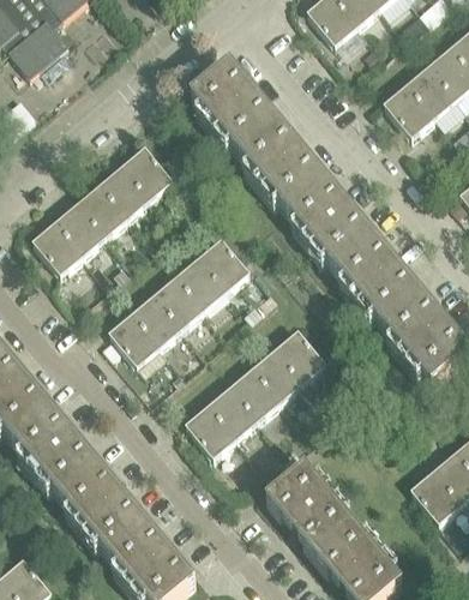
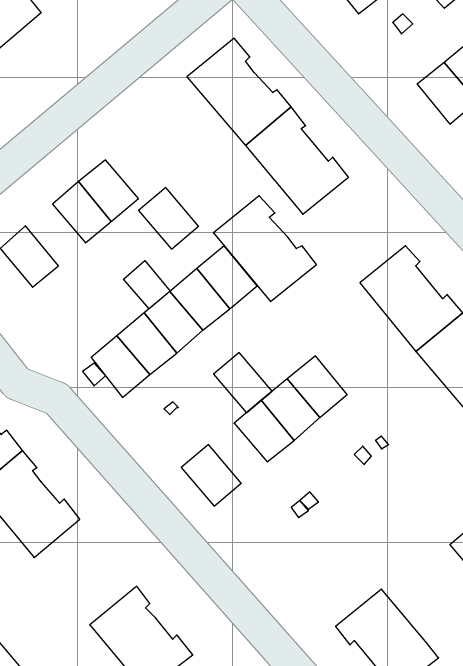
building: [125,145,175,197] -> [139,188,199,249]
building: [290,179,377,268] -> [213,196,316,302]
building: [58,202,108,253] -> none
building: none -> [124,261,170,309]
building: [211,385,260,436] -> [214,353,272,413]
building: [65,466,151,554] -> none
building: [269,466,356,556] -> none

